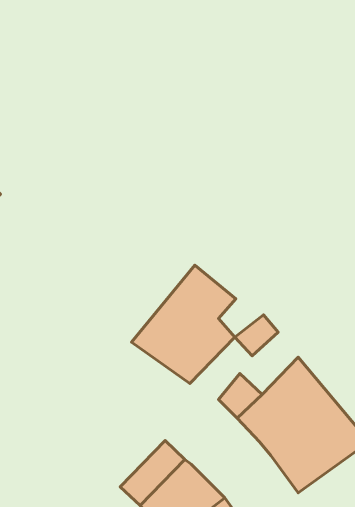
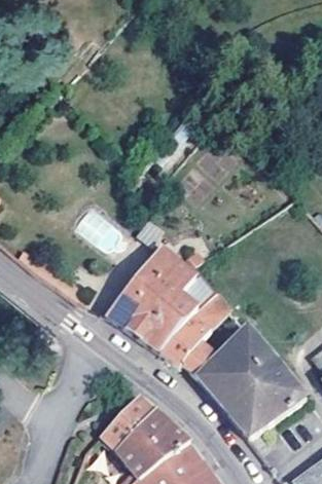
building: none -> [158,311,210,367]

